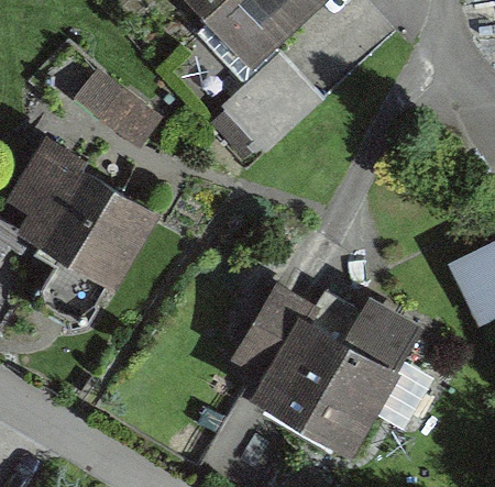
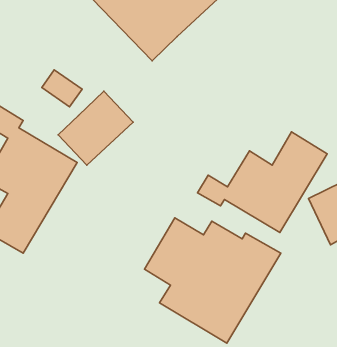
building: [222,49,320,146] -> [58,91,133,165]
building: none -> [198,132,327,233]

